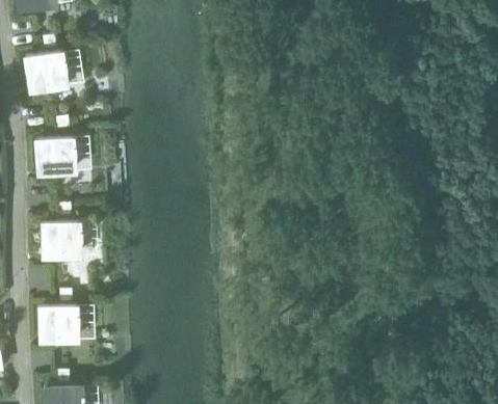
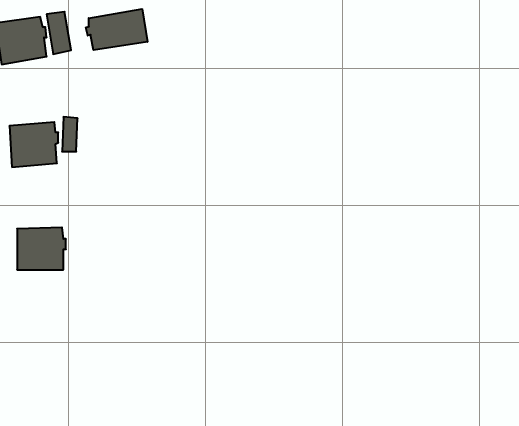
building: none -> [86,9,147,50]
building: [38,307,78,342] -> none

